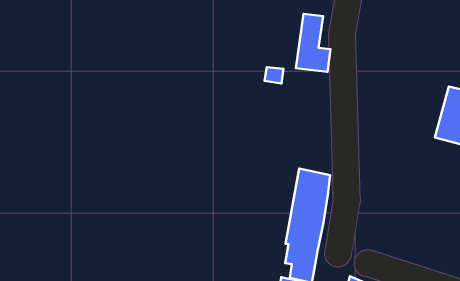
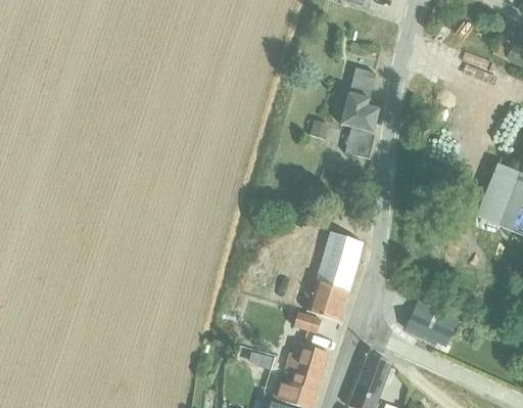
building: none -> [345,128,375,157]
building: none -> [406,300,459,346]

